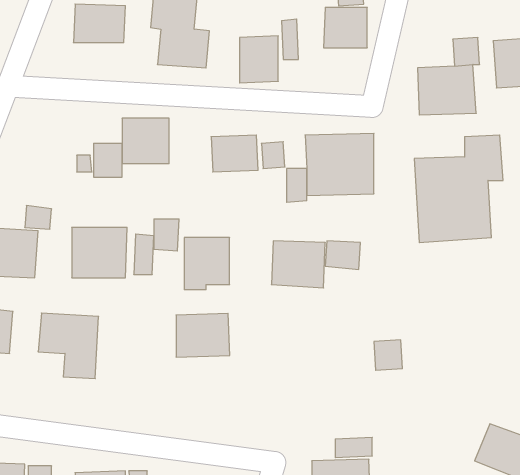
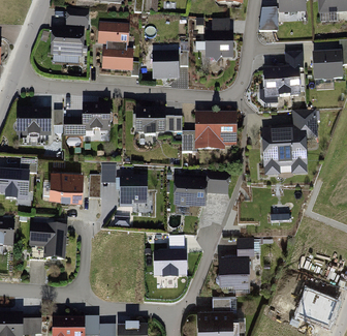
building: none -> [17,110,51,136]
building: [176,313,230,357] -> [154,250,187,277]
building: none -> [219,258,249,286]

